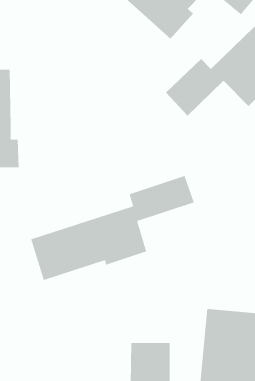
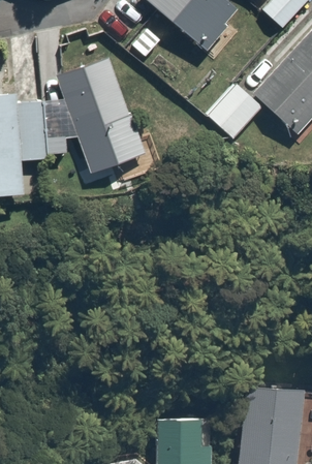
building: none -> [43,56,154,177]
building: [30,175,195,281] -> none

